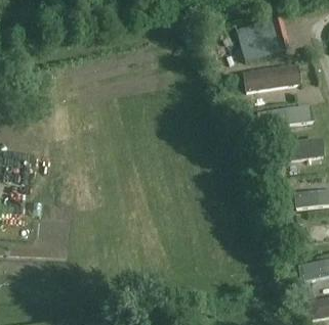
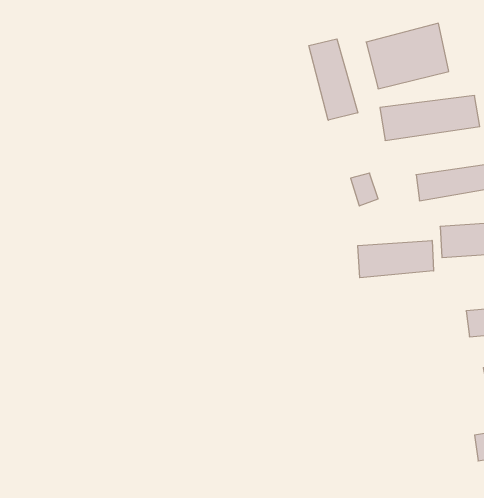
building: none -> [309,39,358,120]
building: none -> [358,240,434,278]

